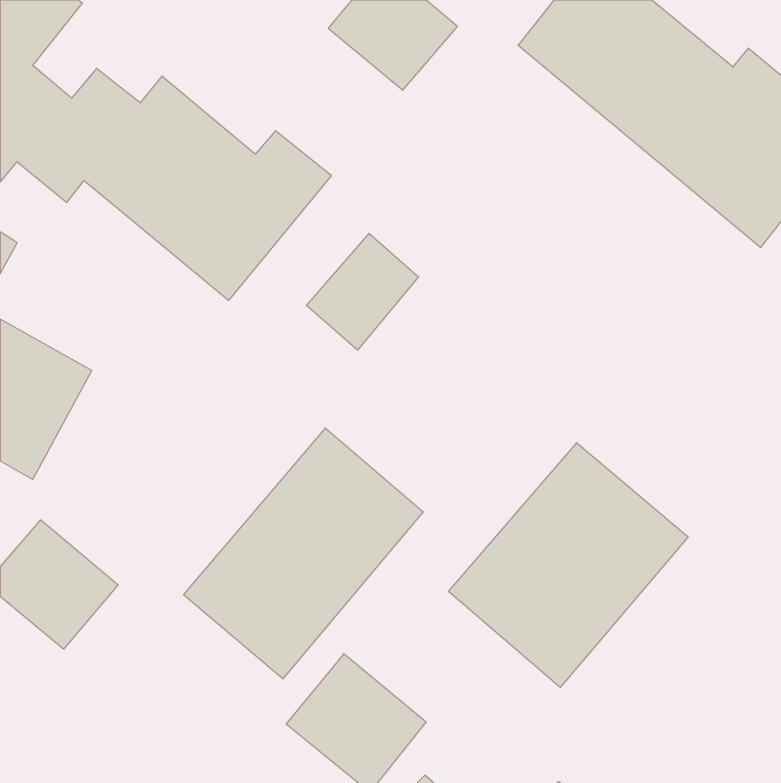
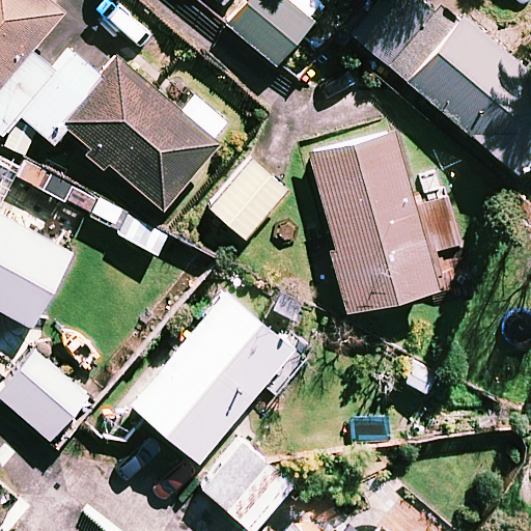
building: none -> [310,130,436,309]
building: [448,443,688,687] -> none

